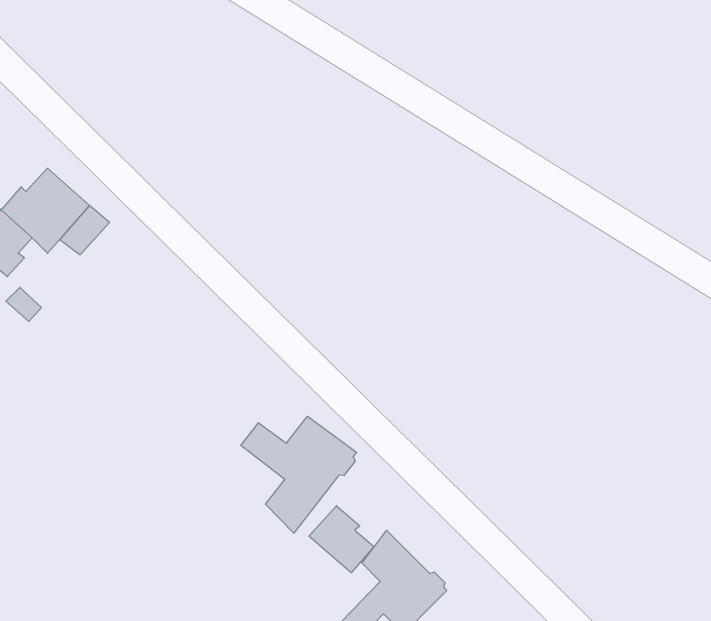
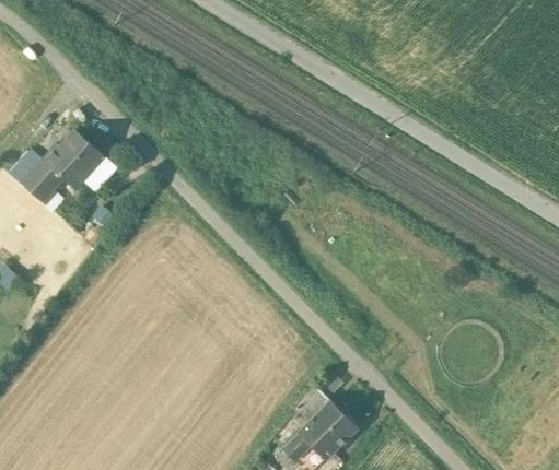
building: [241,416,357,533] -> none
building: [309,506,374,573] -> none

